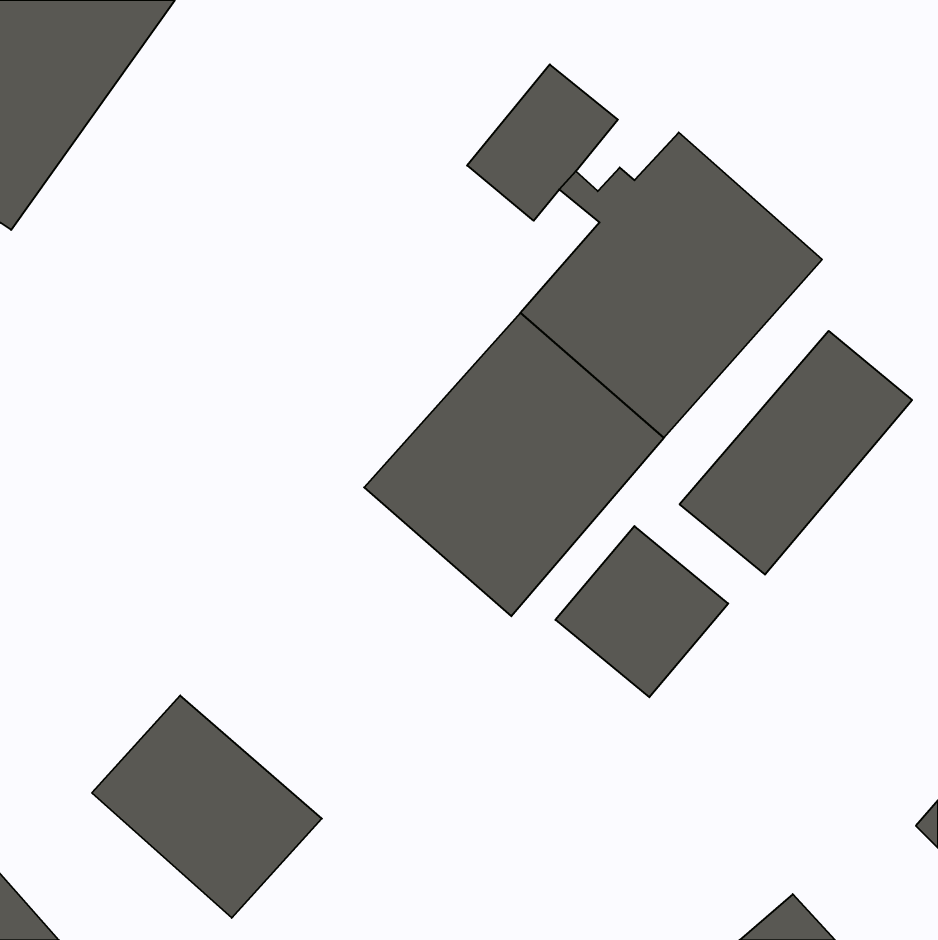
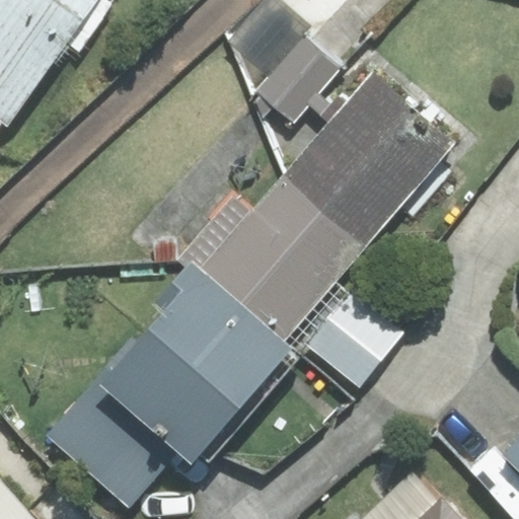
building: [680,331,912,575] -> none
building: none -> [99,258,290,461]

